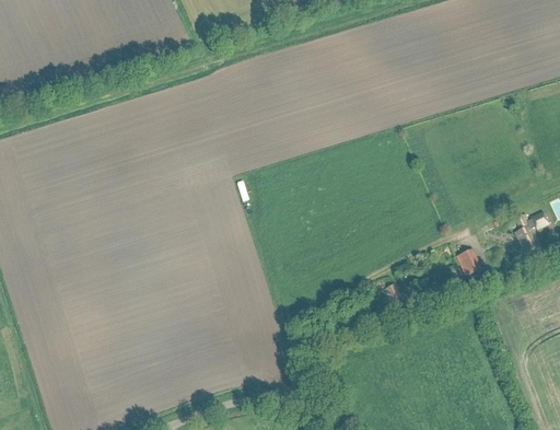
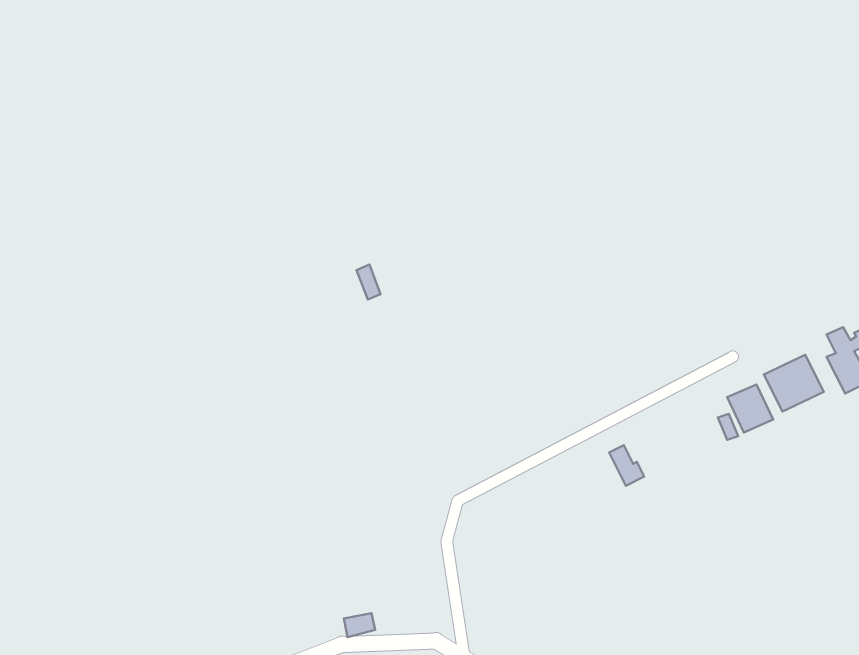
building: none -> [764,355,824,411]

